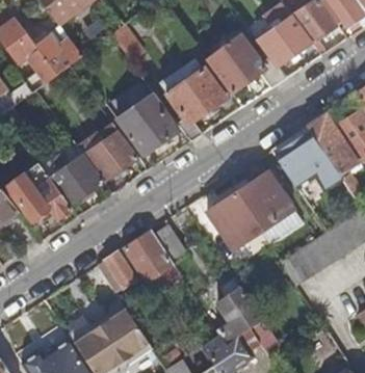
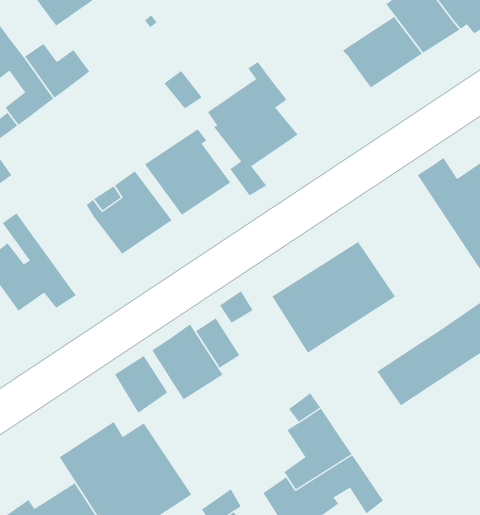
building: [207,35,286,95] -> none
building: [272,127,342,189] -> none
building: [38,144,103,206] -> none

